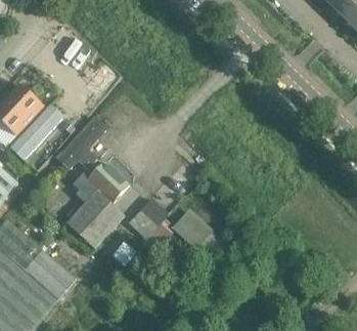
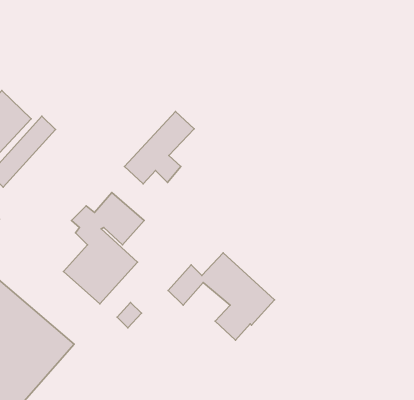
building: [54,114,107,169] -> [124,111,194,184]
building: [127,196,168,238] -> none

